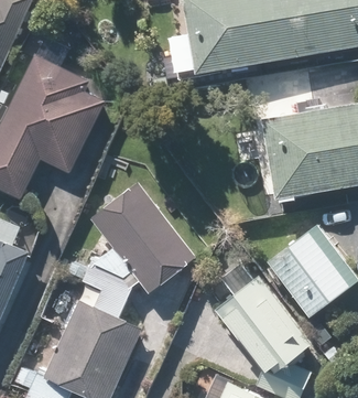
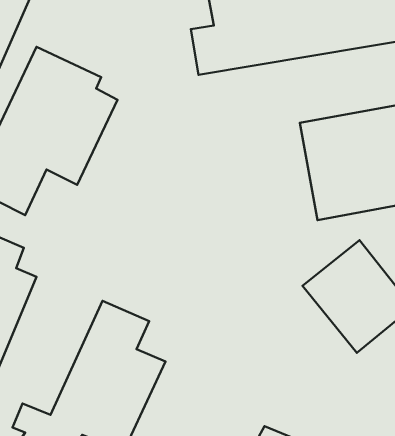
building: [88,180,198,298] -> none
building: [214,275,312,377] -> none

